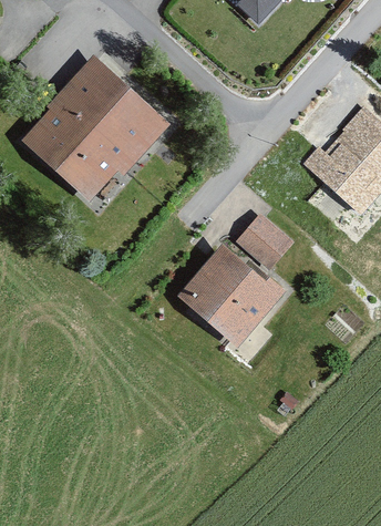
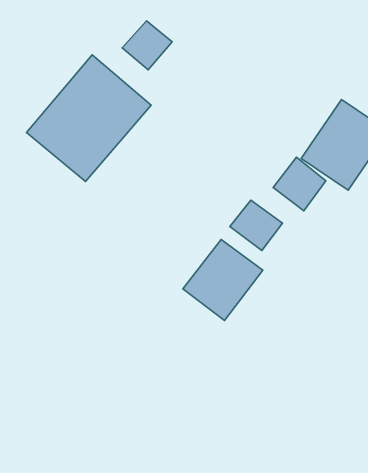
building: none -> [122,21,172,70]
building: none -> [273,157,326,211]

